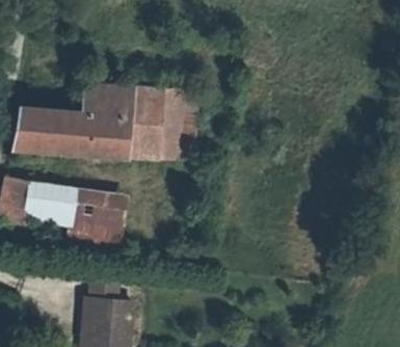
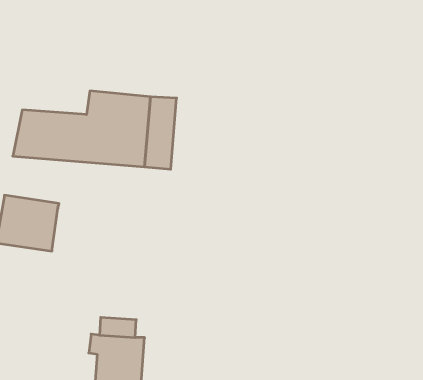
building: [154,92,183,156] -> none
building: [50,189,124,246] -> none

